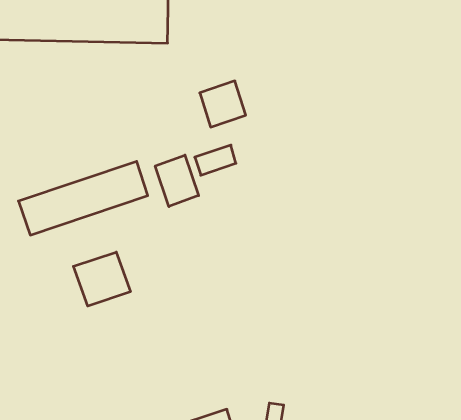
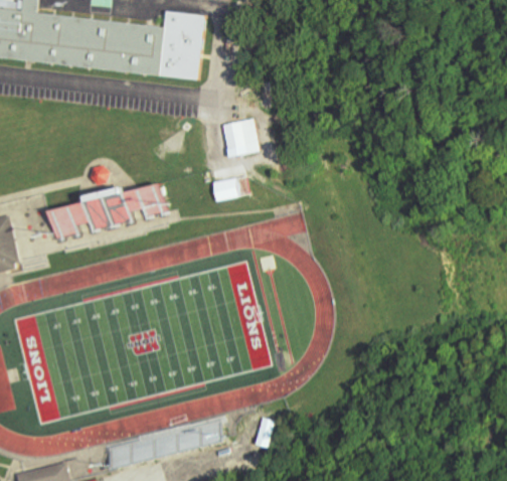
building: [155,155,199,207] -> none
building: [73,252,130,306] -> none

